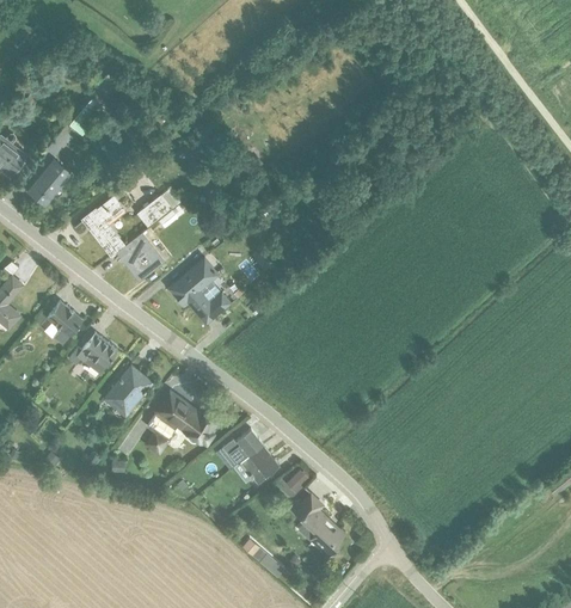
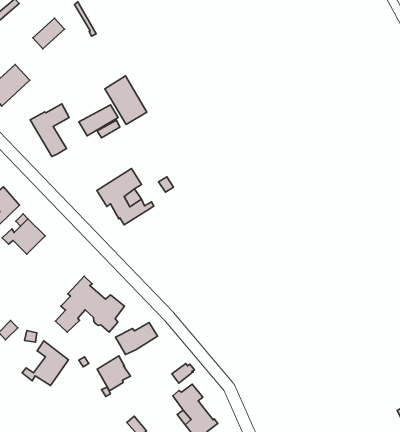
building: none -> [105,76,147,124]
building: [116,232,164,280] -> none
building: [100,361,153,414] -> none
building: [239,443,278,485] -> [97,356,130,391]
building: none -> [22,341,69,385]

